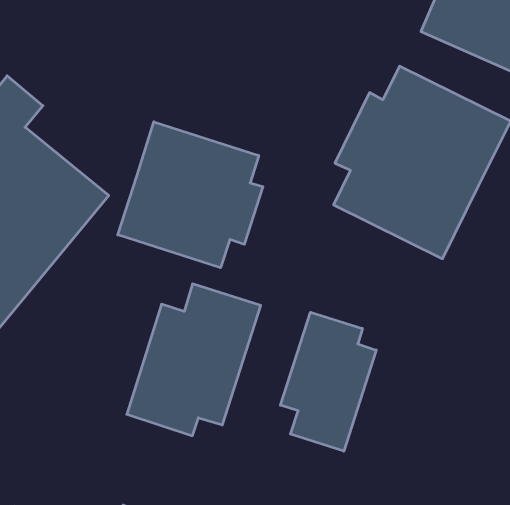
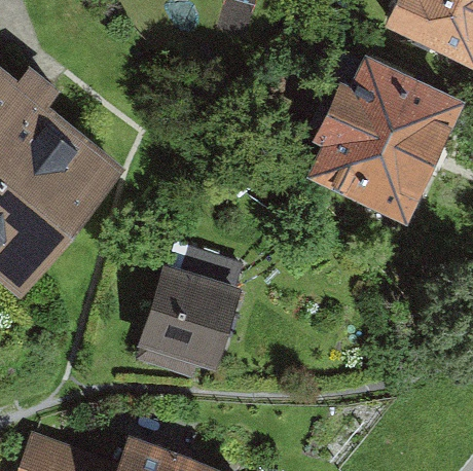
building: [118,122,263,268] -> none
building: [280,312,376,451] -> none

